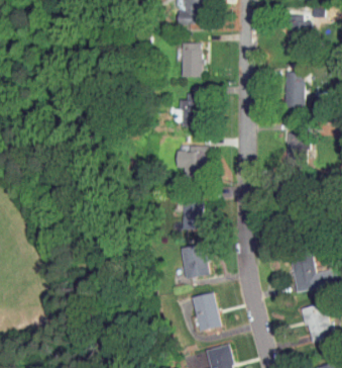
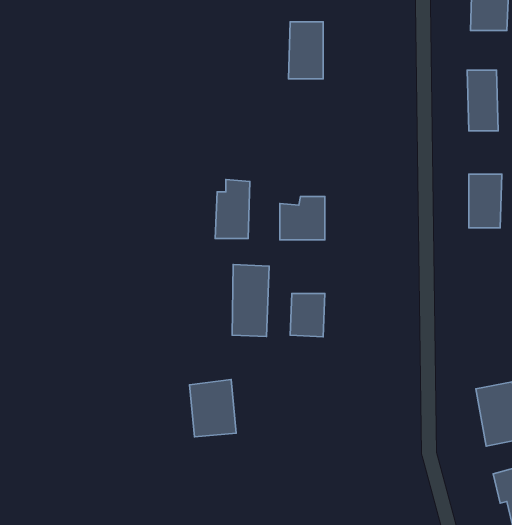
building: [180,94,200,128] -> [215,180,250,239]
building: none -> [232,265,269,336]
building: [181,244,208,277] -> [189,380,236,437]
building: [191,292,219,331] -> none

